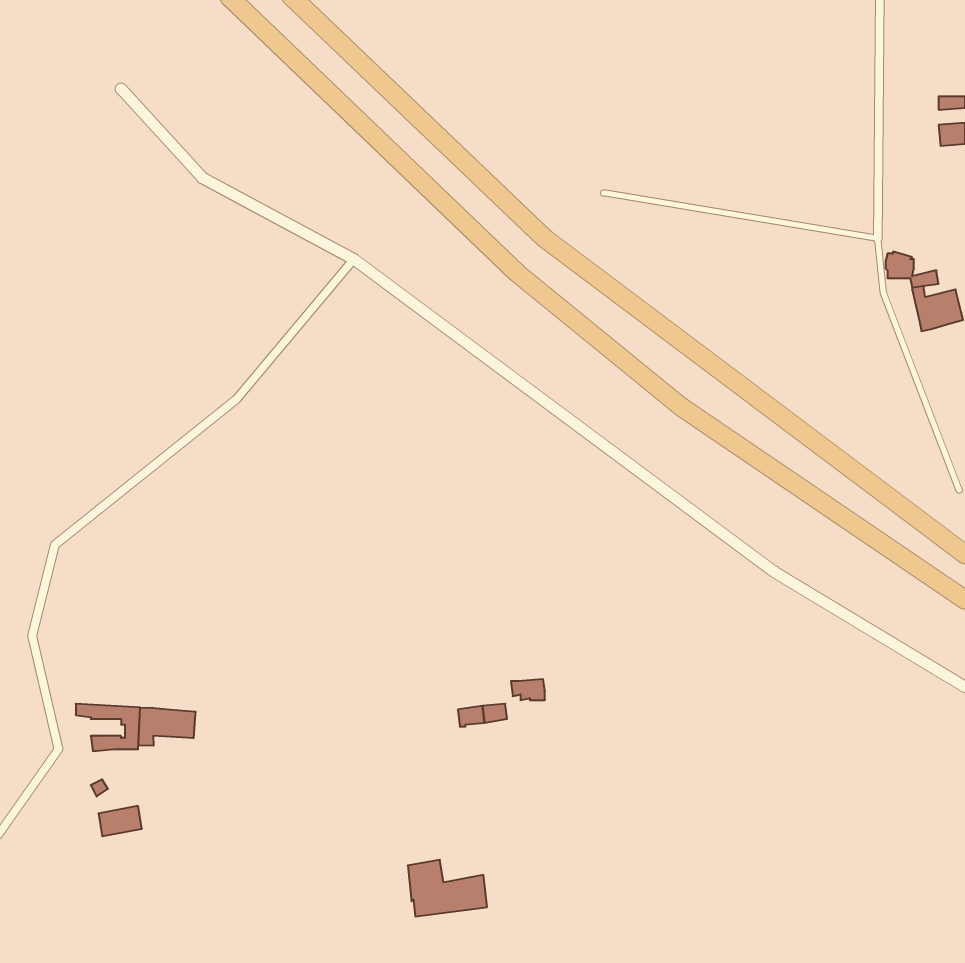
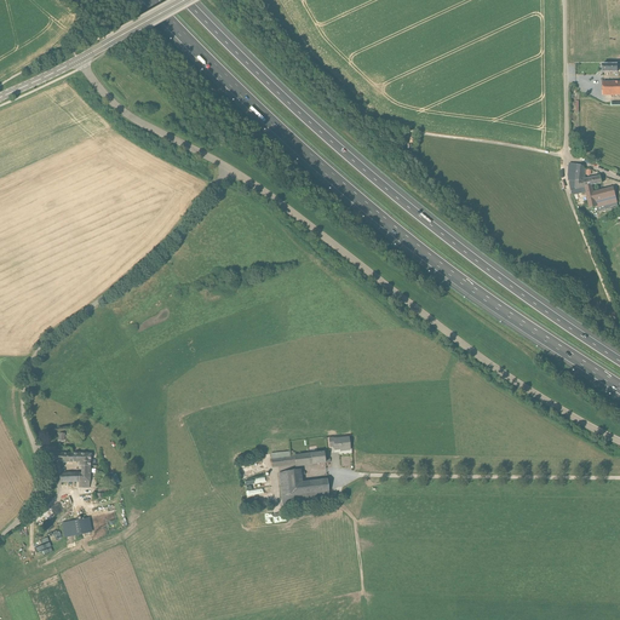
building: [138,707,195,746] -> none
building: [408,860,487,916] -> [277,467,328,504]

